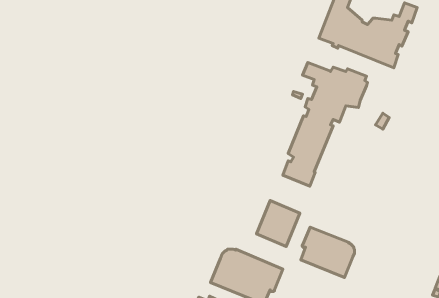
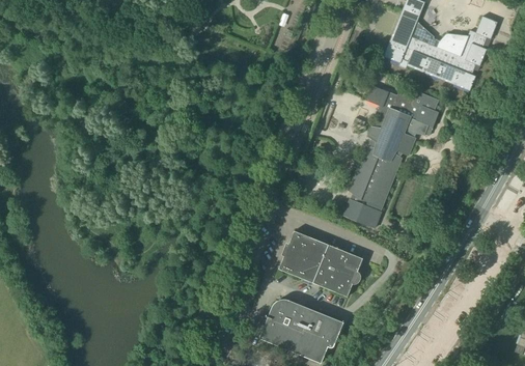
building: none -> [279,230,329,282]
building: [301,227,354,277] -> none

